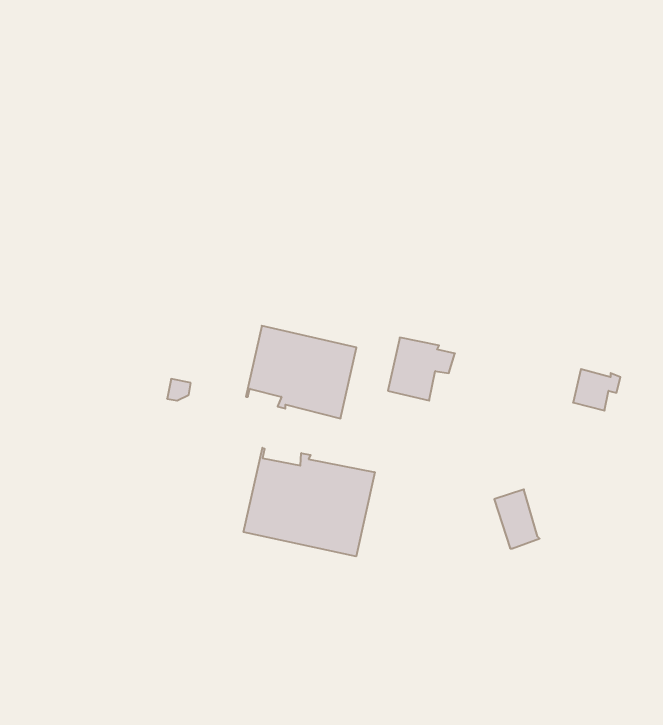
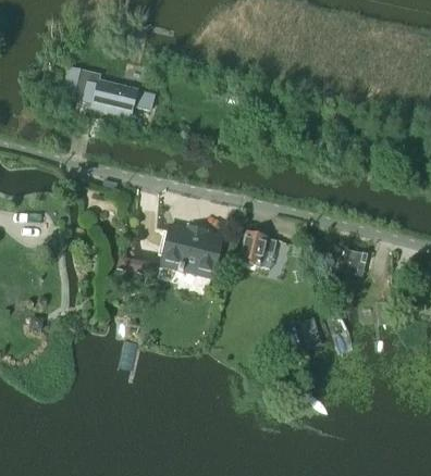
building: none -> [65,66,155,114]
building: [244,448,375,556] -> none

